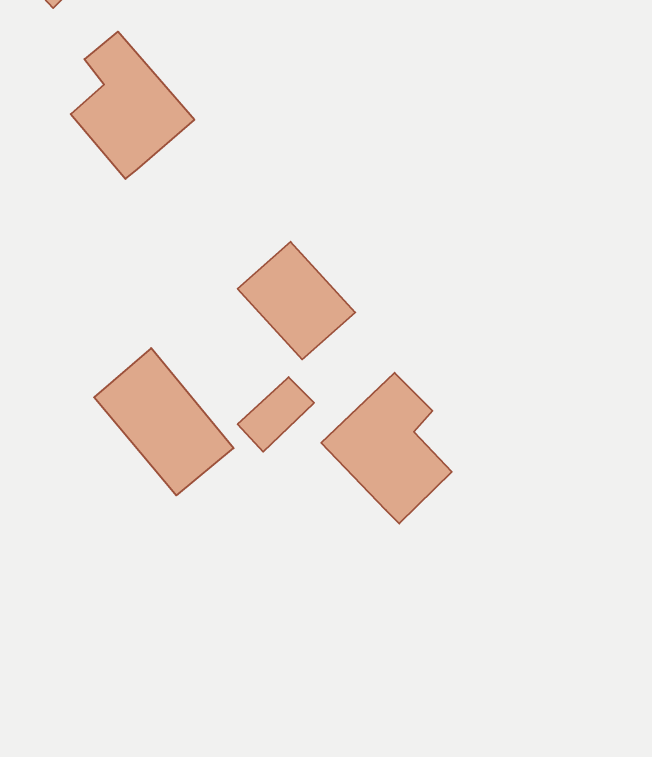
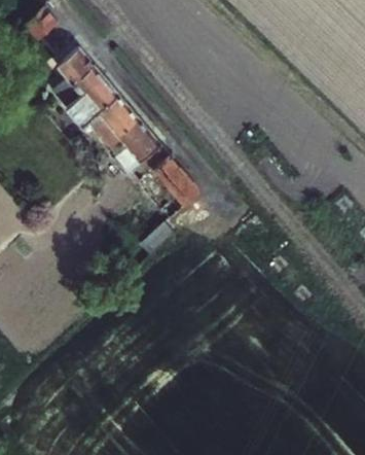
building: [94,348,234,495] -> [86,93,159,170]
building: [321,373,452,524] -> none

